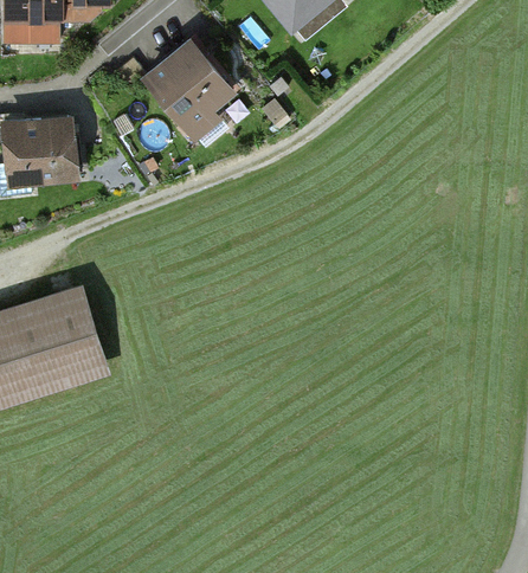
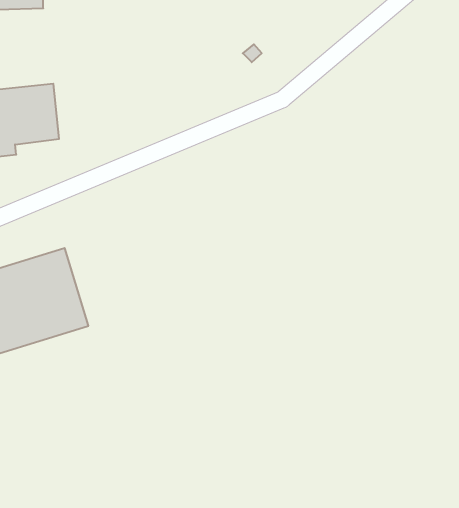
building: [144,39,230,125] -> none

